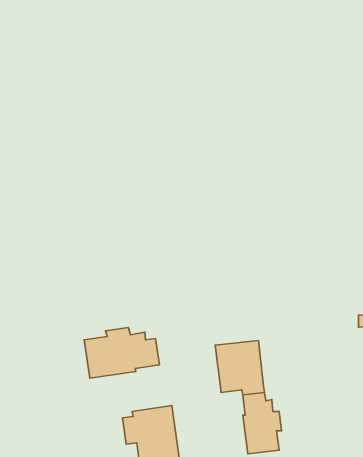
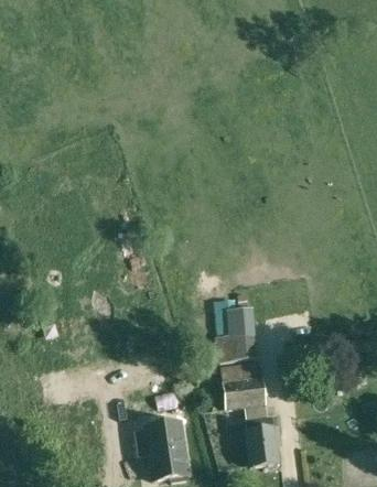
building: none -> [217,305,255,359]
building: [84,328,160,378] -> none

